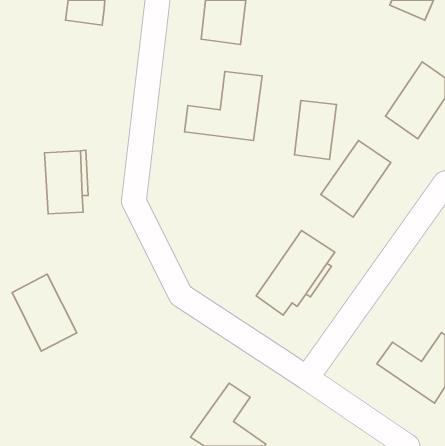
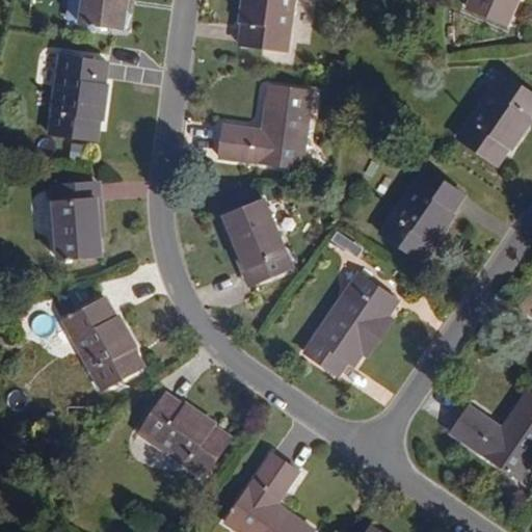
building: none -> [49,59,106,142]
building: [294,100,336,159] -> none
building: none -> [222,202,288,285]
building: [12,274,77,351] -> [62,294,139,385]
building: none -> [138,396,230,479]

